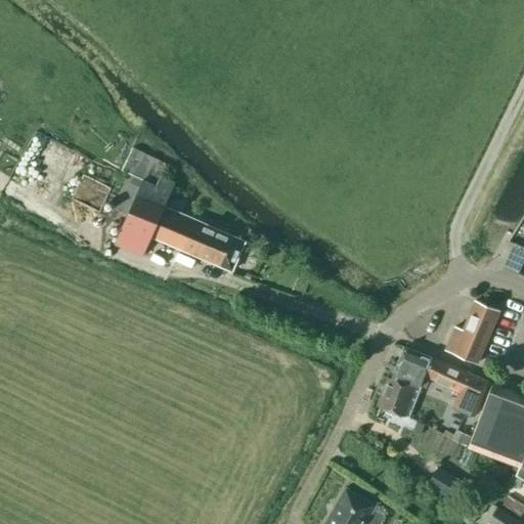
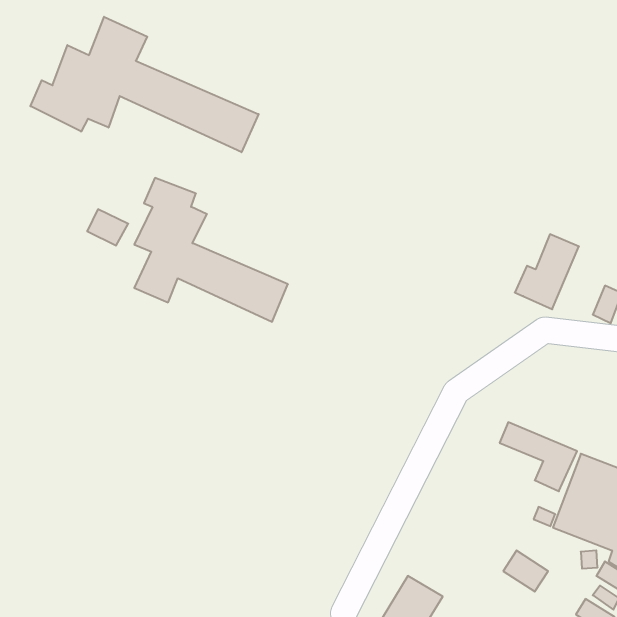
building: none -> [30,17,259,152]
building: [446,301,500,364] -> [515,234,579,309]
building: [378,348,431,418] -> none

